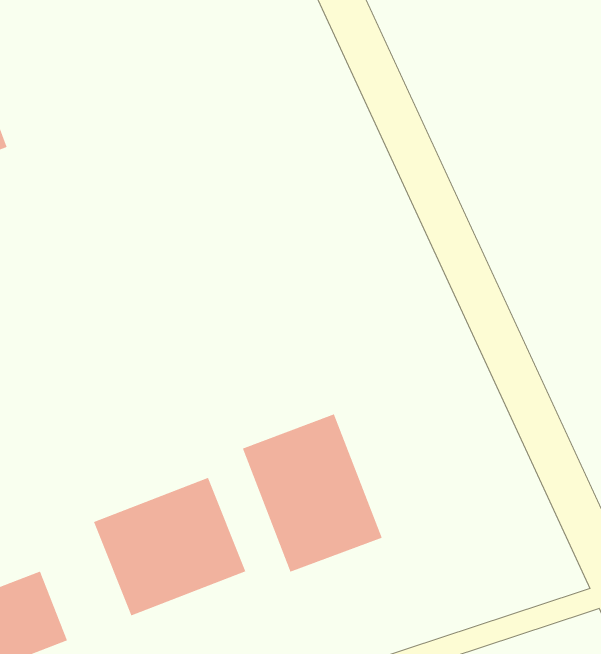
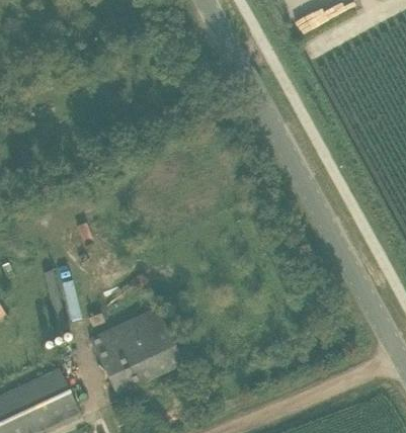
building: [242,414,382,573] -> none

